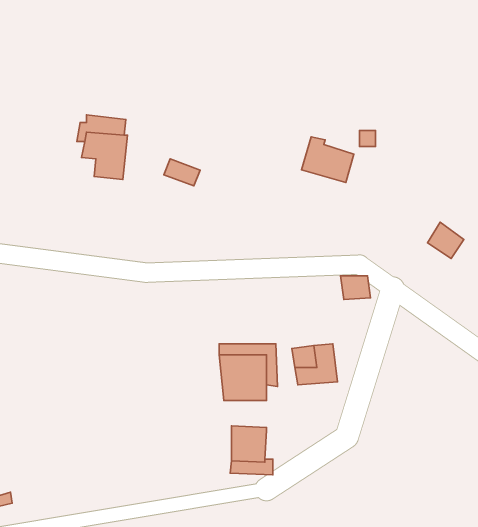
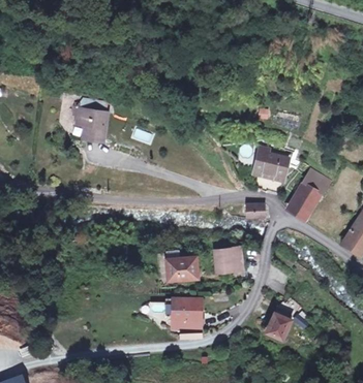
building: [302,137,354,183] -> [255,148,290,178]
building: none -> [284,182,317,218]
building: none -> [265,313,292,343]

